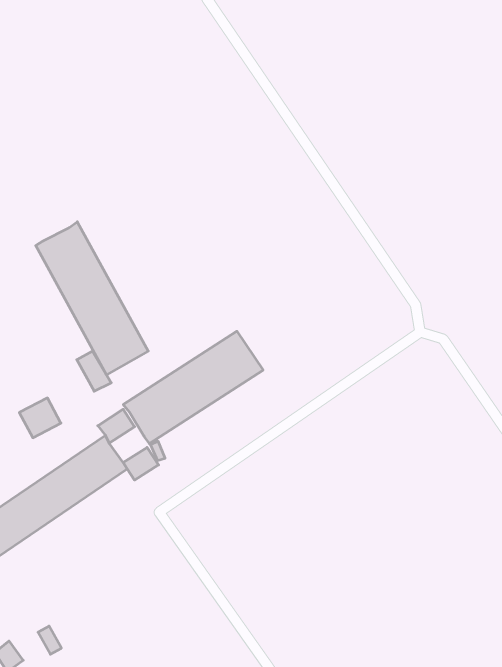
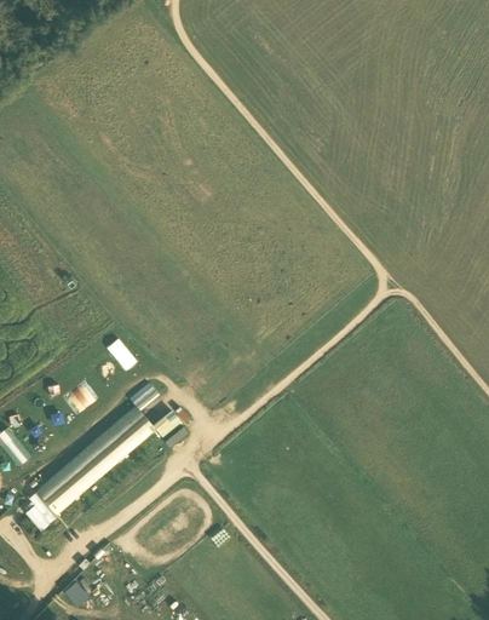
building: [36,222,148,375] -> none
building: [123,331,263,444] -> none

